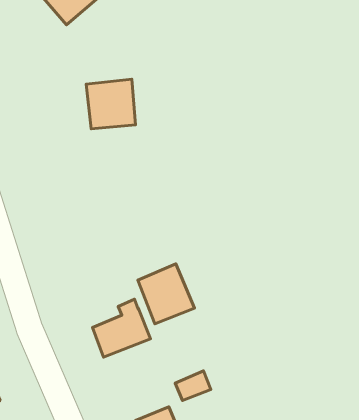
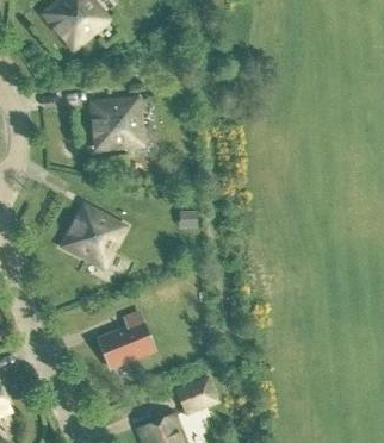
building: none -> [63,205,123,264]
building: [138,264,195,324] -> none

